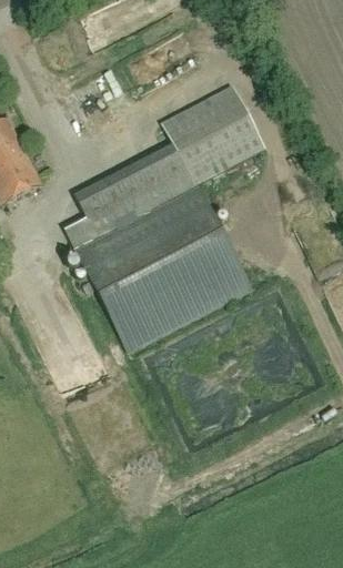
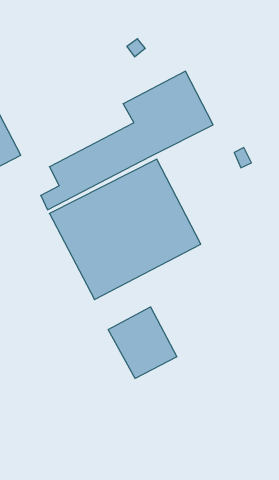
building: none -> [108,307,177,378]

